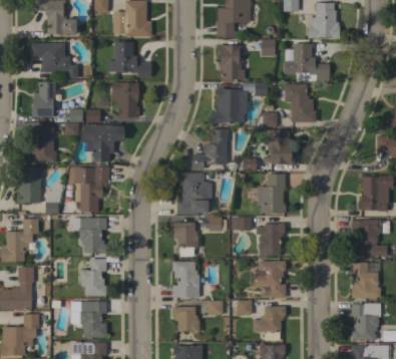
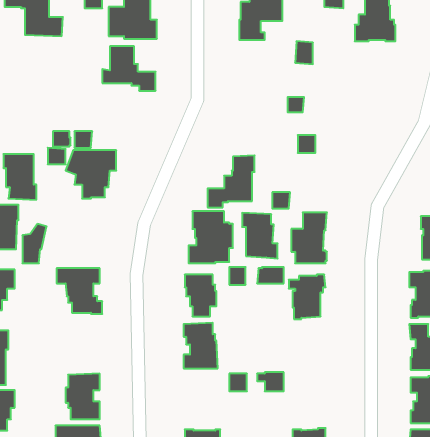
building: [32,42,78,78] -> none
building: [284,43,329,81] -> none
building: [218,44,245,79] -> none
building: [32,81,56,117] -> none
building: [112,82,139,117] -> none
building: [285,83,316,122] -> none
building: [211,87,247,123] -> none
building: [267,129,295,165] -> [242,213,278,259]
building: [74,166,109,212] -> none
building: [79,259,106,296] -> none
building: [252,261,286,298] -> none
building: [253,306,286,340] -> none
building: [172,307,200,332] -> none

